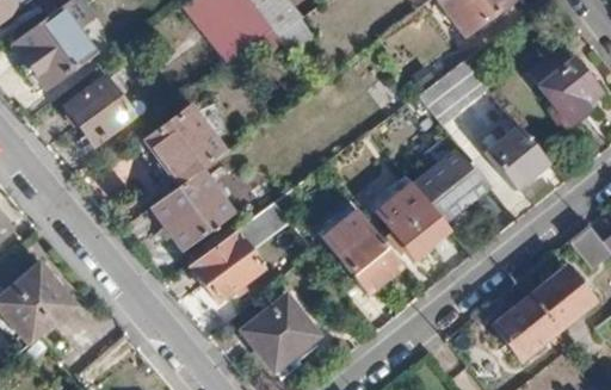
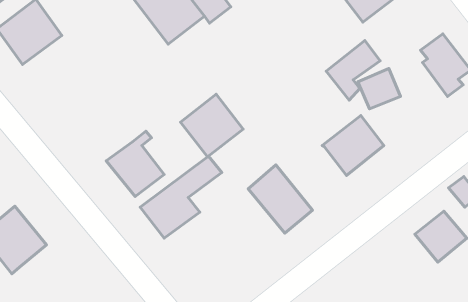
building: [66,76,132,143] -> none
building: [147,104,224,181] -> [180,94,243,157]
building: [485,123,549,188] -> none
building: [382,187,450,256] -> none
building: [245,296,320,369] -> none
building: [494,296,558,360] -> none

